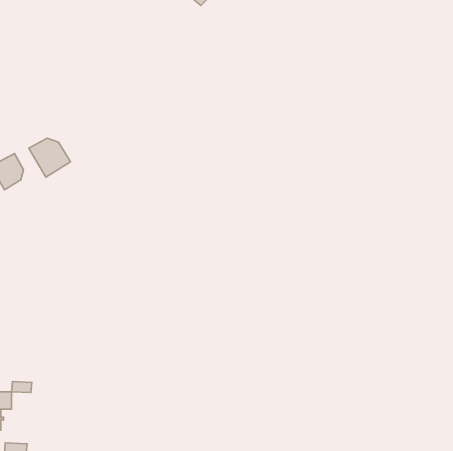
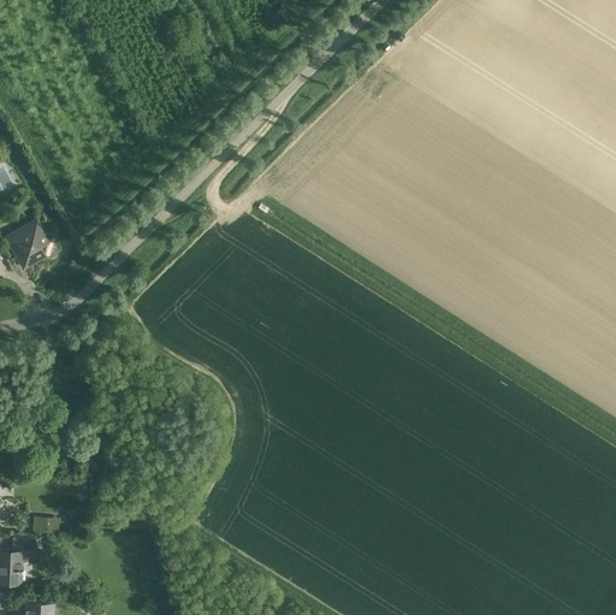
building: [29,138,70,177] -> none

